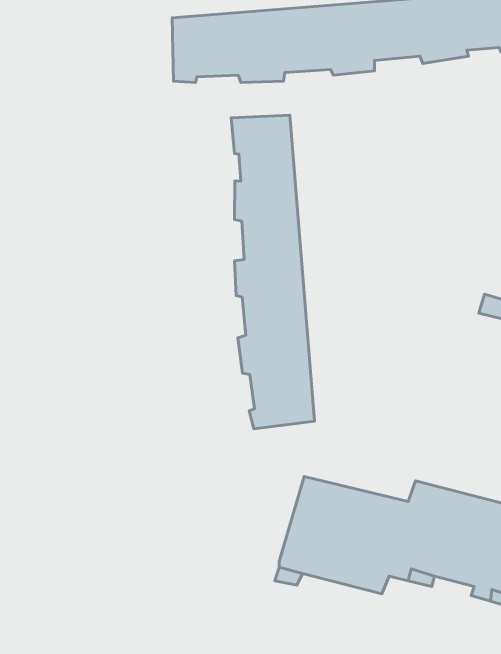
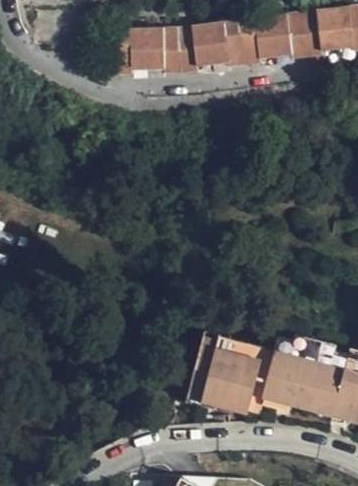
building: [231,115,315,429] -> none

